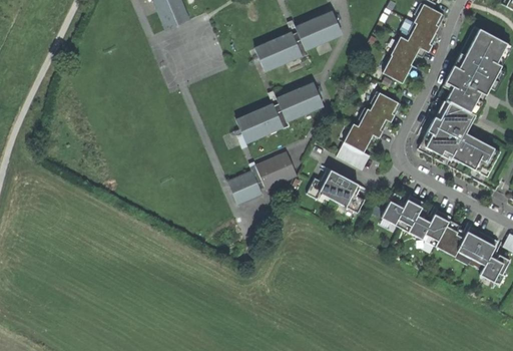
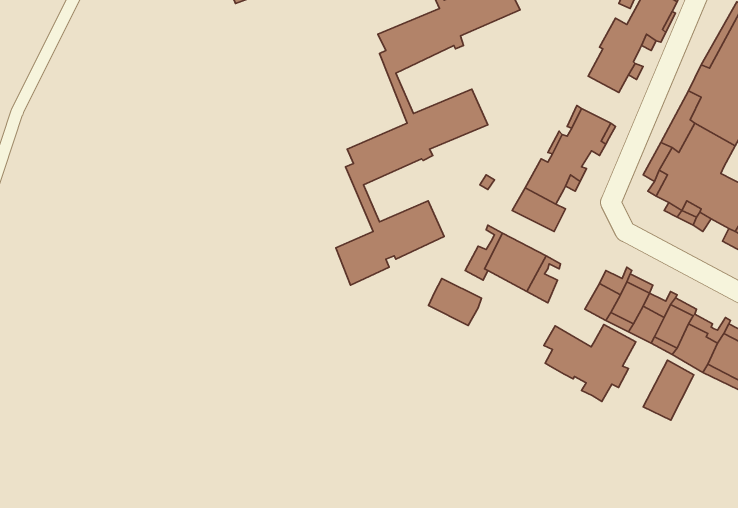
building: none -> [429,278,482,325]
building: none -> [544,324,636,402]
building: none -> [643,360,694,420]

